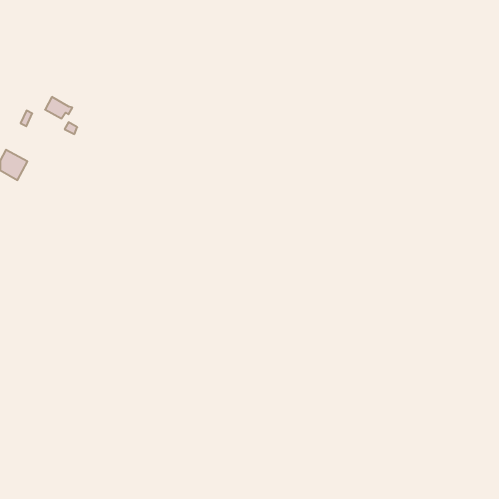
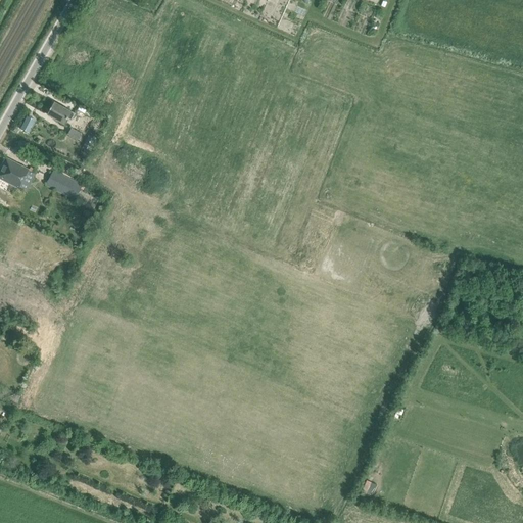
building: none -> [46,170,84,199]

